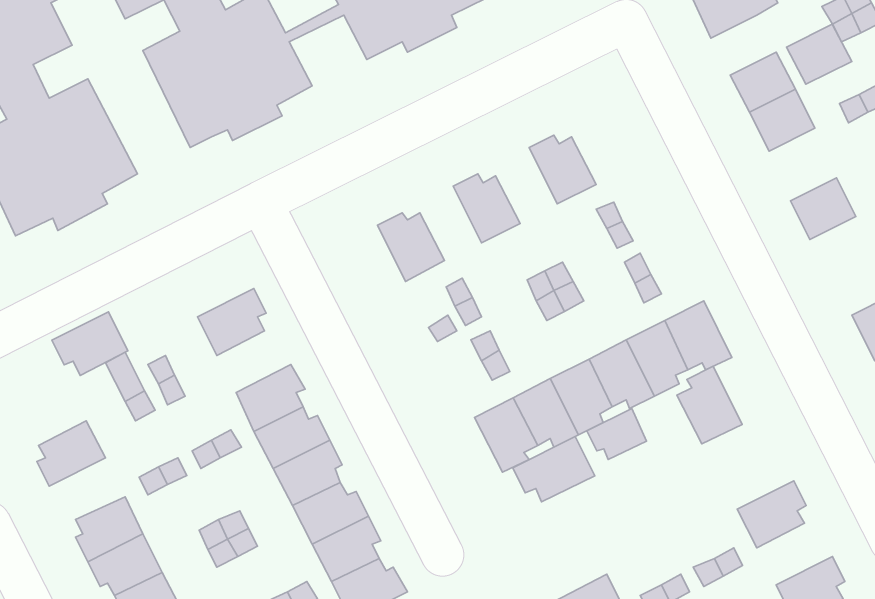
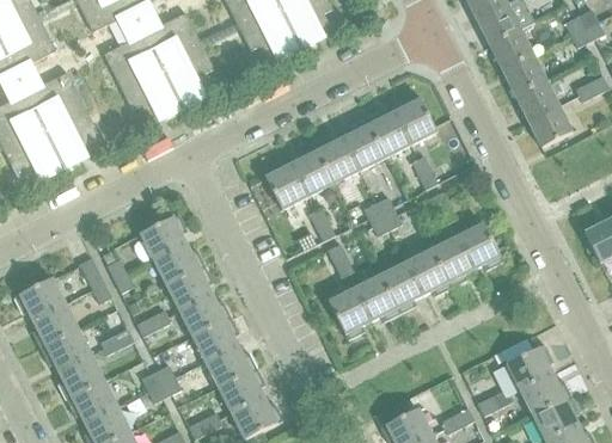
building: [786,24,852,84] -> [489,30,533,70]
building: none -> [394,93,437,144]
building: none -> [343,119,385,171]
building: [791,178,856,240] -> [528,106,573,148]
building: none -> [292,146,333,196]
building: [52,312,128,375] -> [14,278,66,321]
building: none -> [154,244,204,285]
building: [677,366,742,444] -> none
building: [587,408,647,460] -> none
building: [513,437,595,502] -> none
building: none -> [41,330,92,371]
building: none -> [520,374,571,416]

